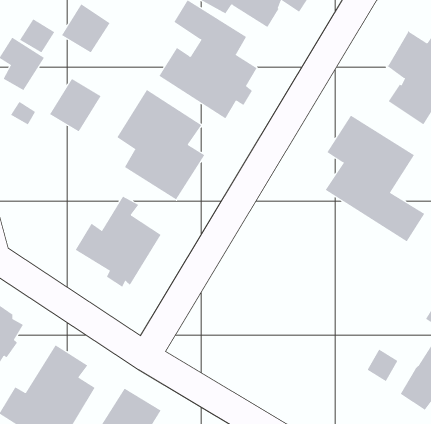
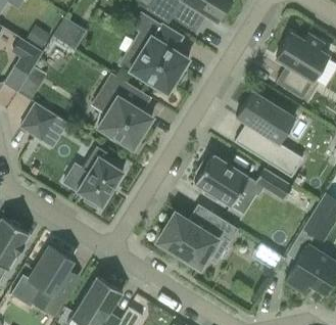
building: [49,78,102,132] -> [20,103,56,140]
building: none -> [194,154,292,206]
building: none -> [157,204,238,268]

